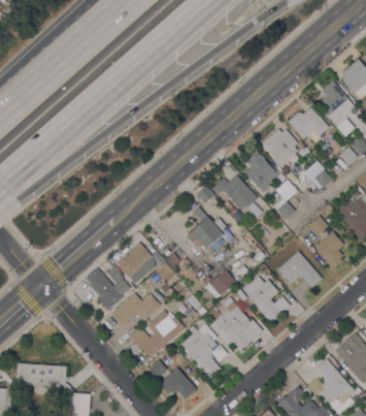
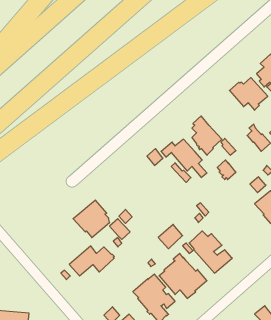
building: [262,128,297,164] -> none
building: [186,206,226,249] -> none
building: [276,251,322,287] -> none
building: [86,259,130,310] -> none
building: [132,310,184,358] -> none

